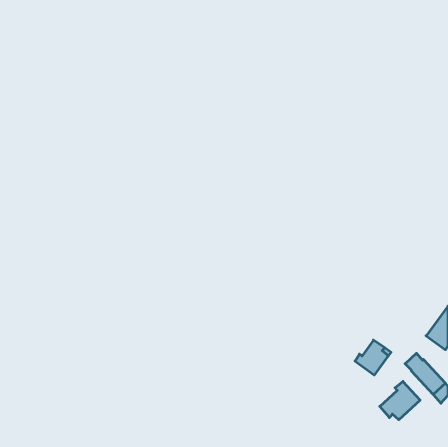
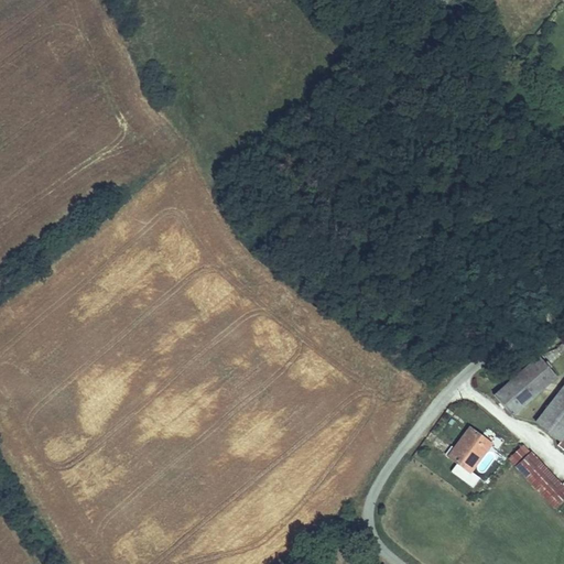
building: none -> [494,355,557,415]
building: [380,381,420,420] -> none

